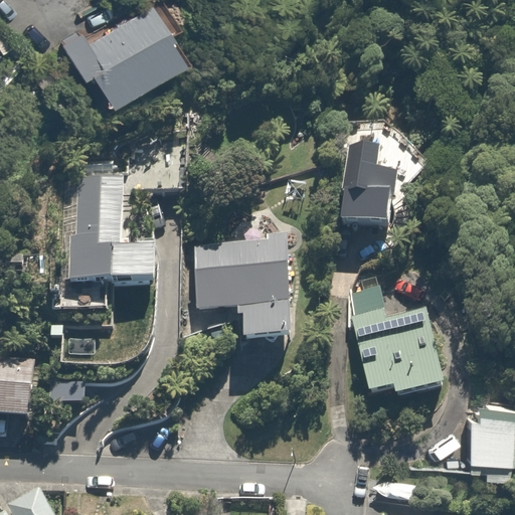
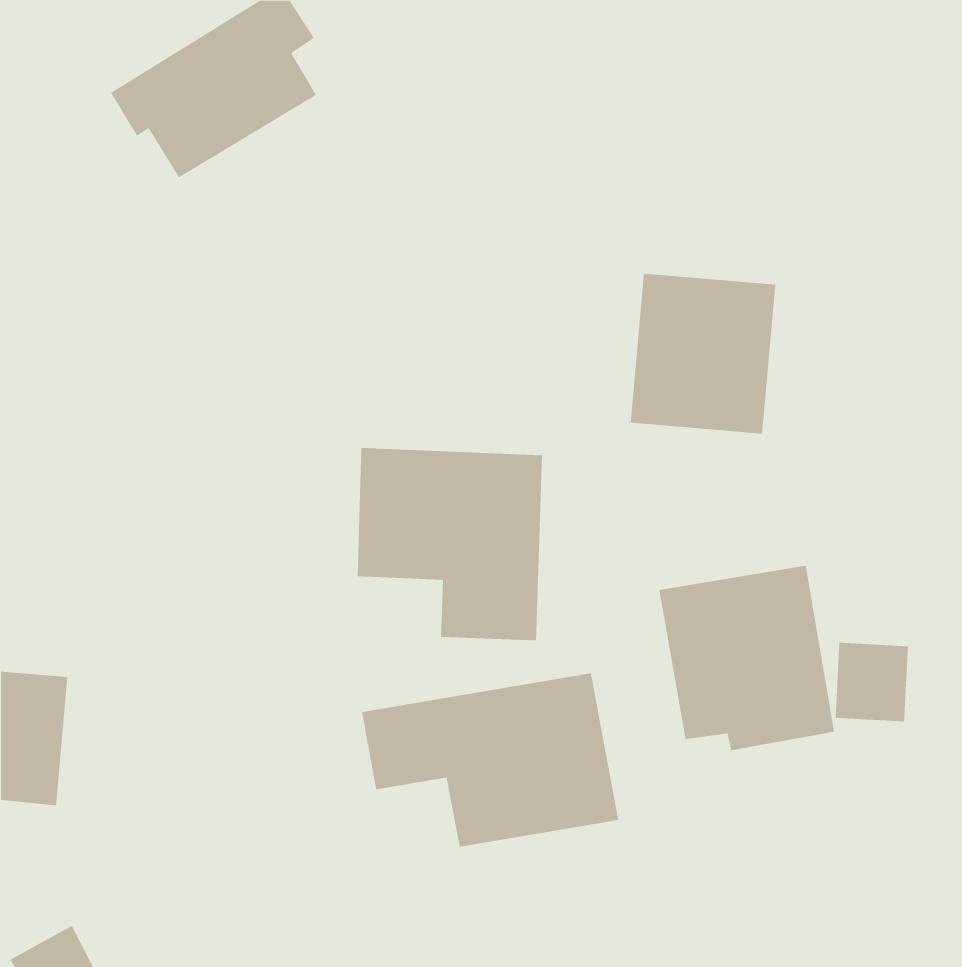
building: [67,173,158,286] -> none
building: none -> [361,672,619,847]
building: [463,414,502,457] -> [835,642,909,722]

